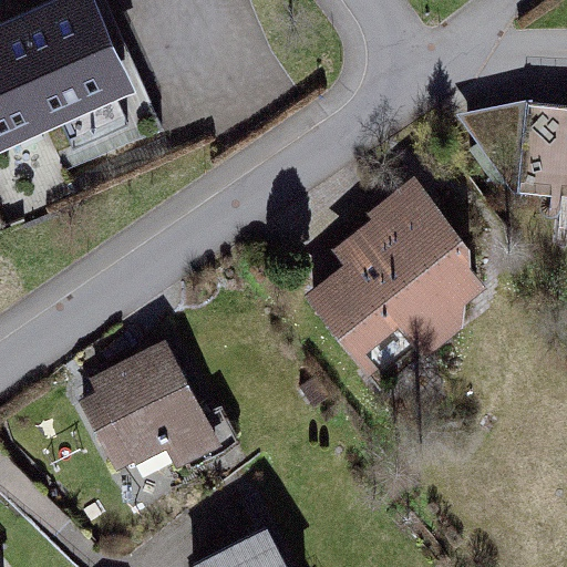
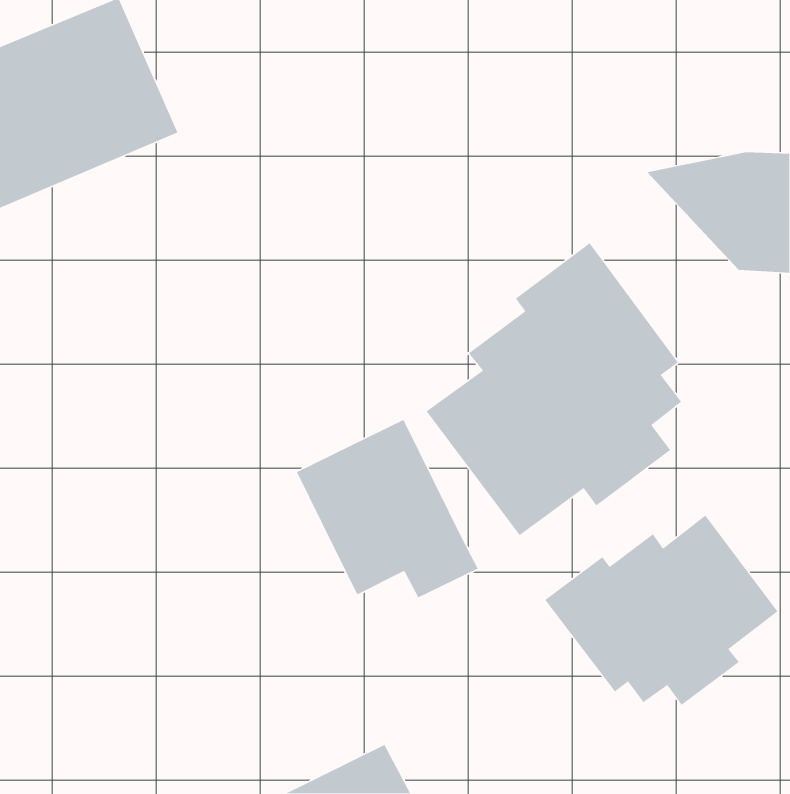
building: [89,342,218,470] -> [296,419,479,598]
building: none -> [544,514,778,706]

